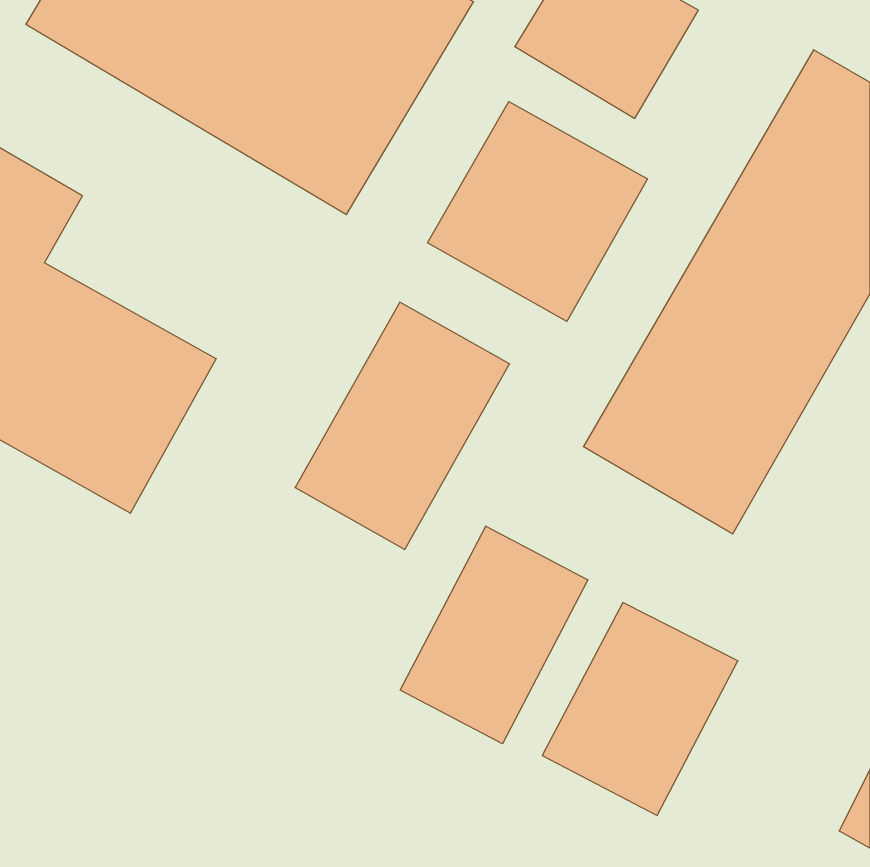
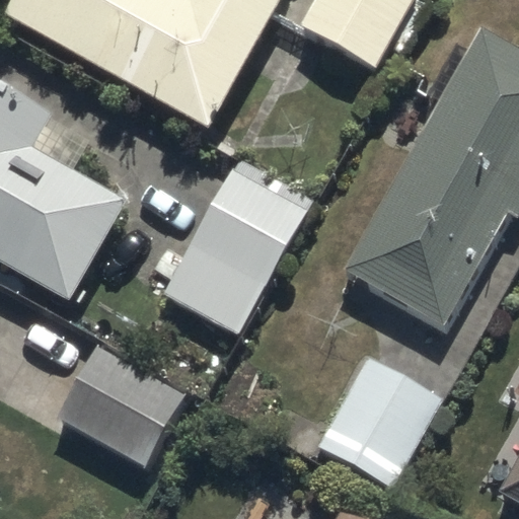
building: [428,102,647,321] -> none
building: [400,526,588,744] -> none
building: none -> [65,352,184,468]

